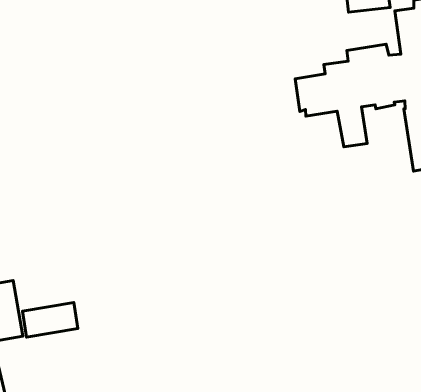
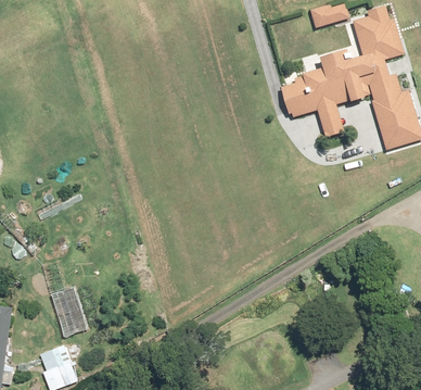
building: [23,303,78,337] -> none

